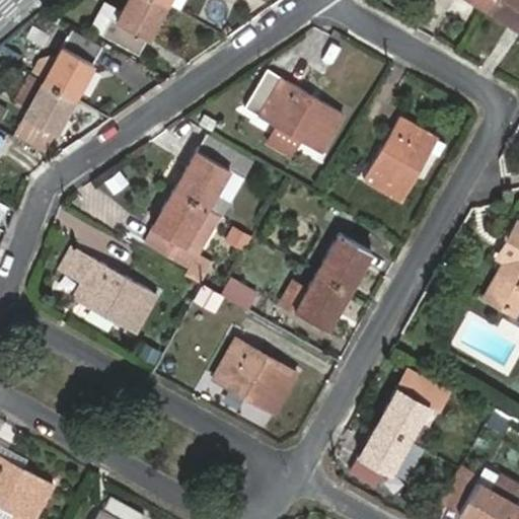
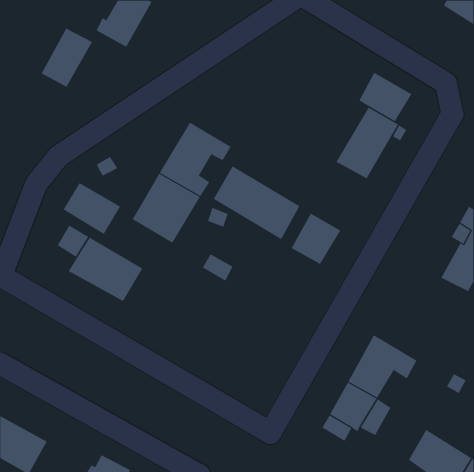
building: [247,72,343,153] -> [213,165,300,240]
building: none -> [358,72,412,122]
building: [15,83,73,151] -> none
building: none -> [63,182,121,235]
building: [295,274,350,329] -> none
building: [214,341,296,414] -> none

